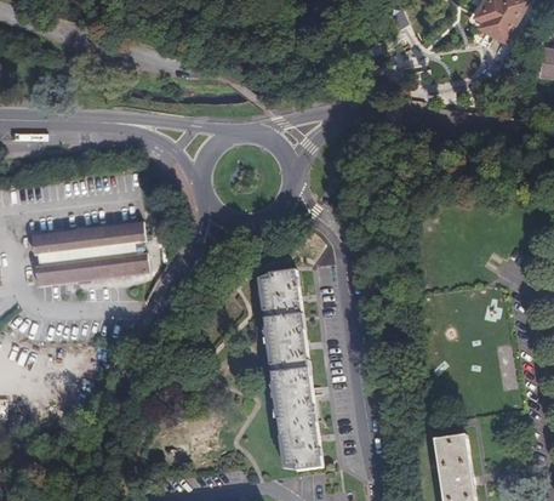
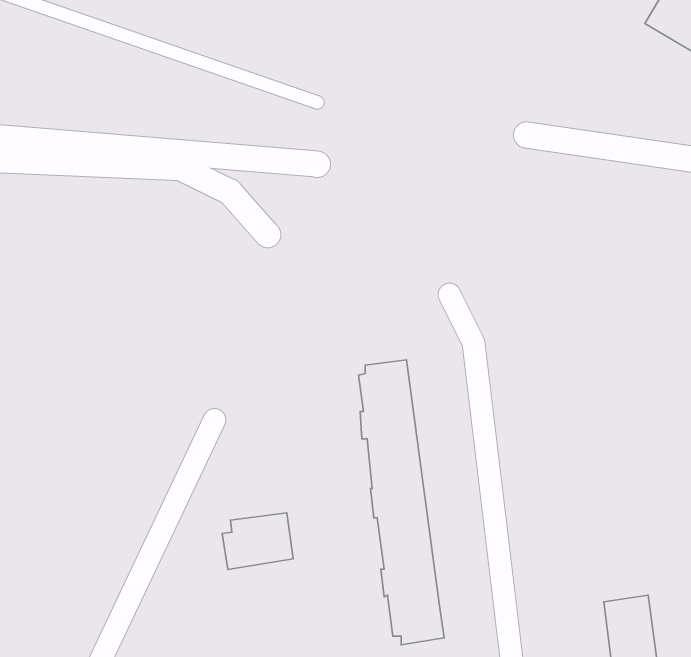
building: [32,222,149,286] -> none
building: none -> [222,513,293,569]

